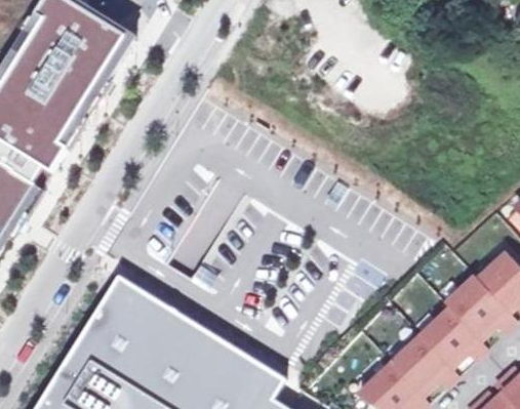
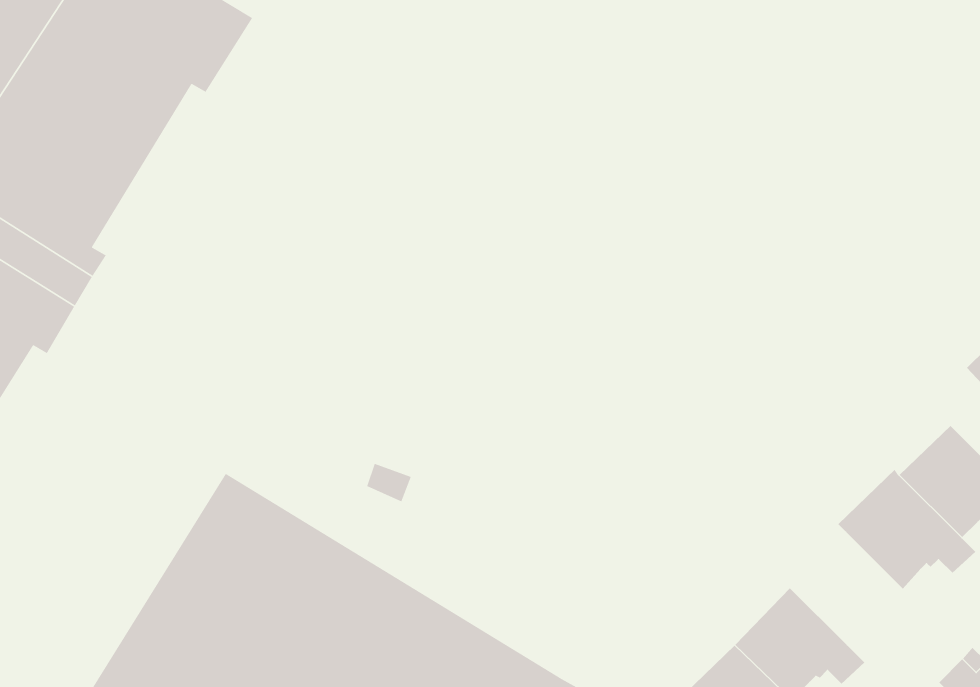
building: [412,306,480,365] -> none

